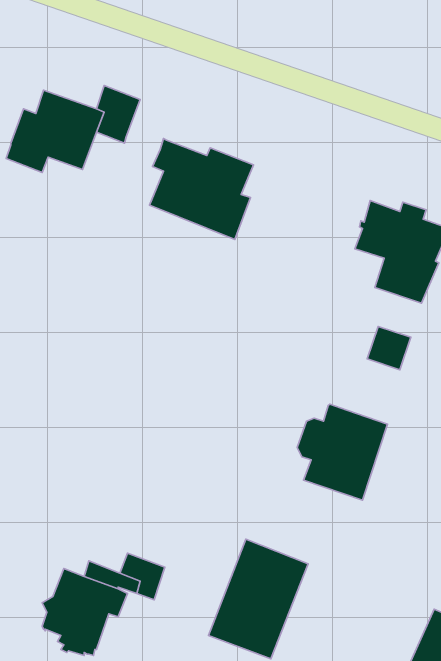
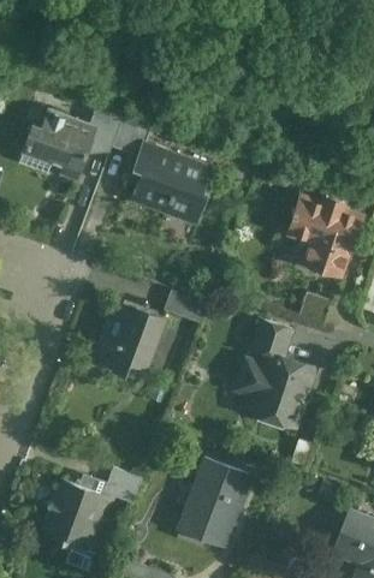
building: none -> [112,117,152,155]
building: none -> [164,290,208,322]
building: none -> [93,305,165,369]
building: none -> [251,320,291,357]

